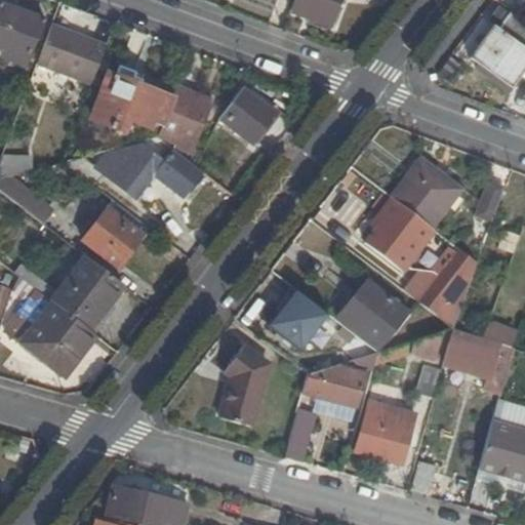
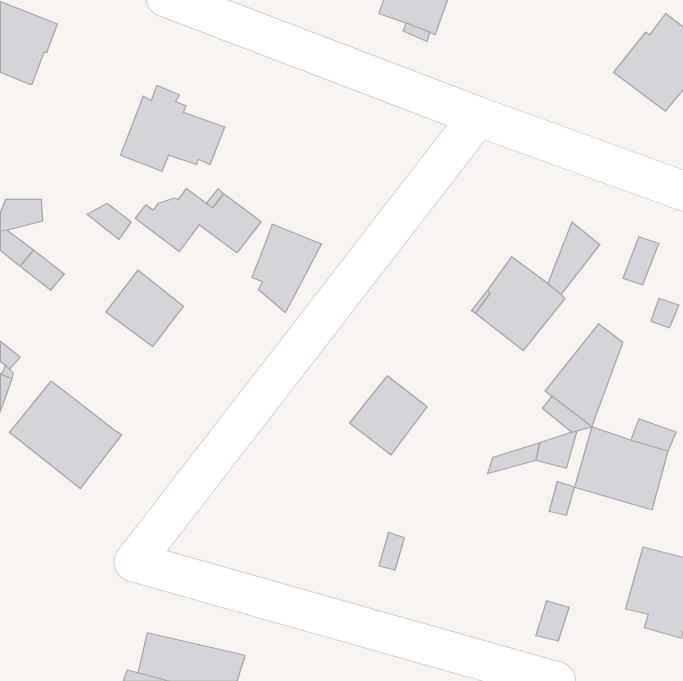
building: [38,24,108,83] -> none
building: [162,85,215,153] -> [252,224,322,312]
building: [220,92,276,142] -> none
building: [391,157,439,217] -> none
building: [51,256,124,330] -> none
building: [337,276,408,346] -> none
building: [221,342,272,423] -> none
building: [304,363,366,404] -> none
building: [356,399,415,462] -> none

